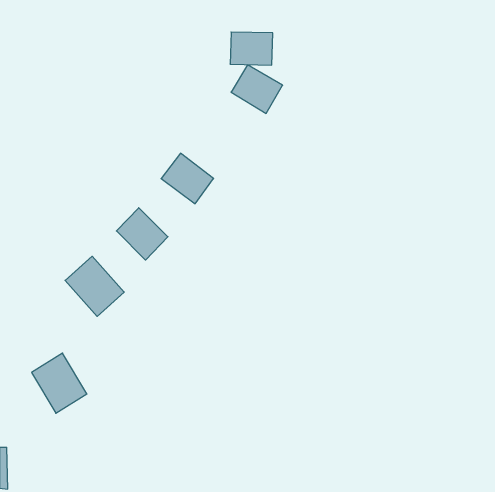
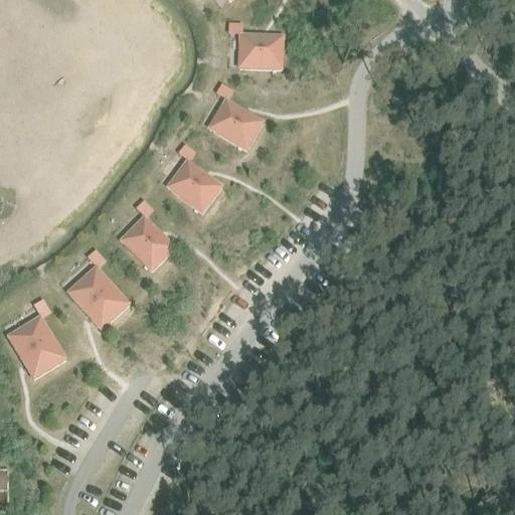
building: [231,65,283,113] -> [209,99,263,149]
building: [32,353,87,413] -> [8,315,65,377]

